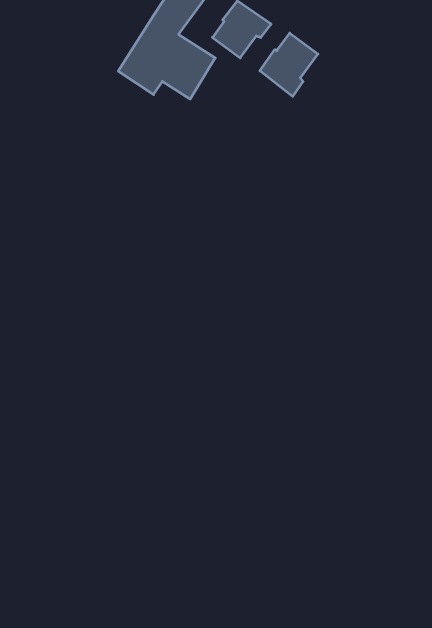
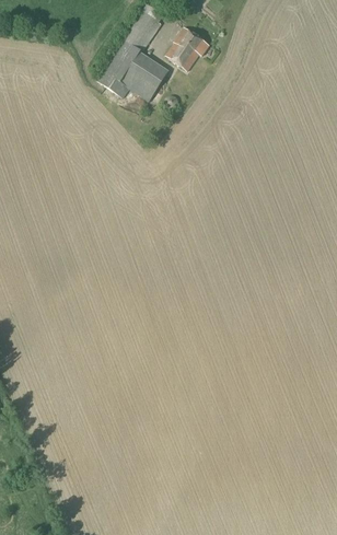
building: [260,33,318,96] -> none

